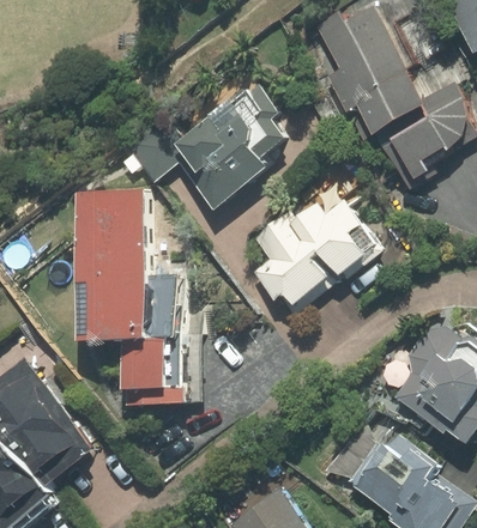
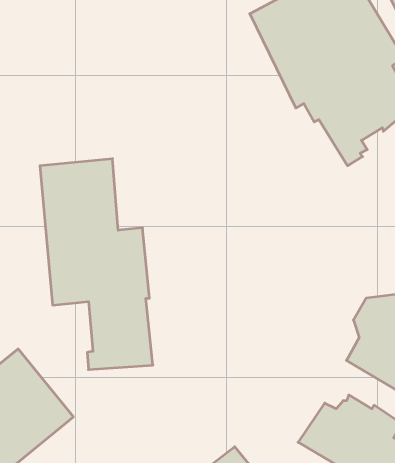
building: [152,91,272,221] -> none
building: [240,204,370,321] -> none

